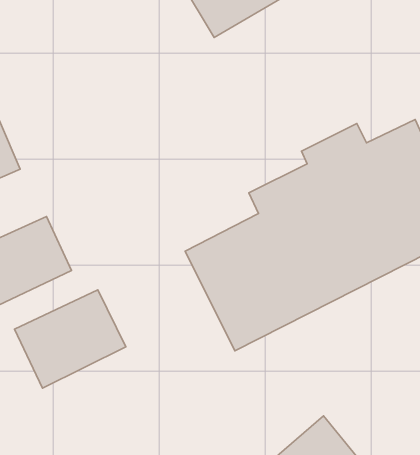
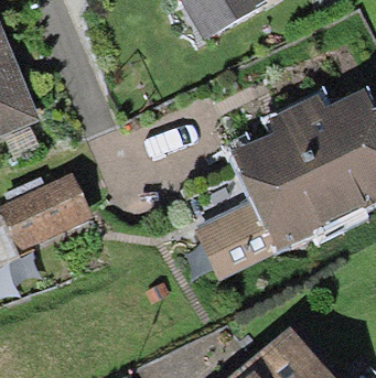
building: [15,290,126,388] -> none

